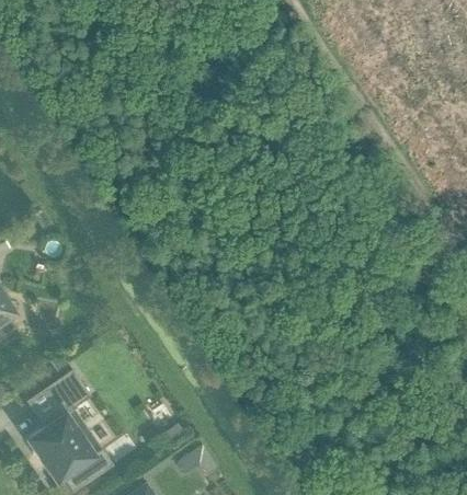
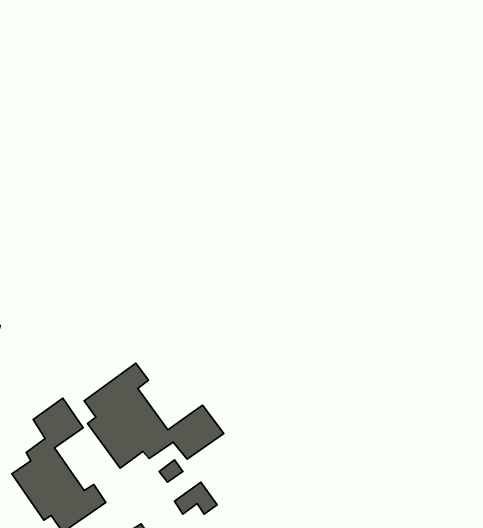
building: none -> [84,363,224,468]

